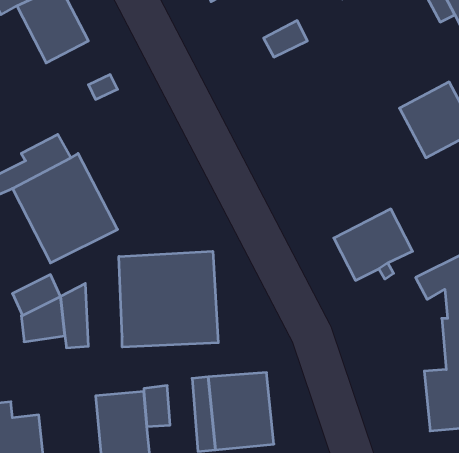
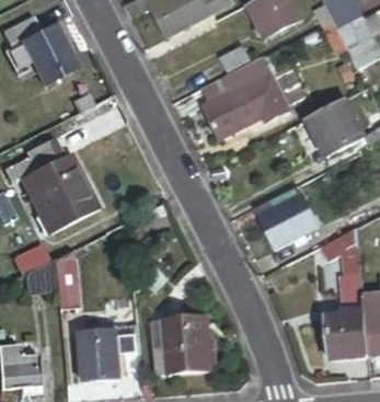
building: none -> [188,64,276,147]
building: [119,251,218,347] -> none

